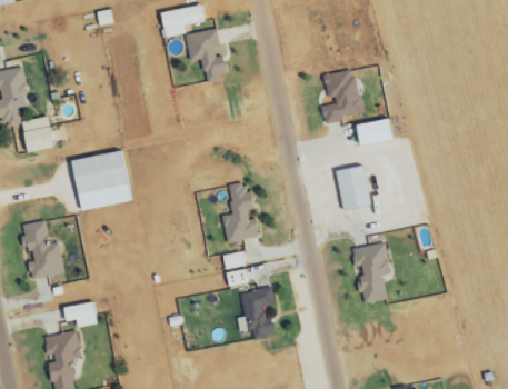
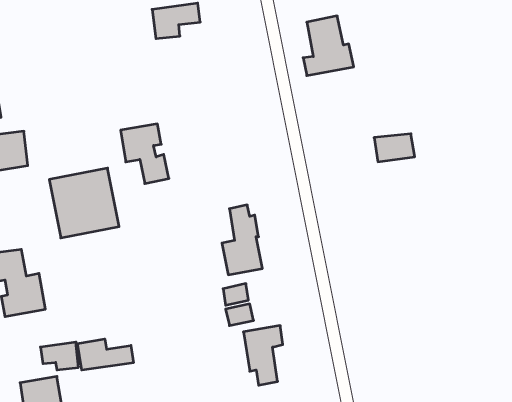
building: [185,28,227,80] -> [121,124,169,184]
building: [321,69,366,121] -> [303,16,354,76]
building: [333,163,370,210] -> none
building: [352,242,390,302] -> none
building: none -> [78,339,133,370]

